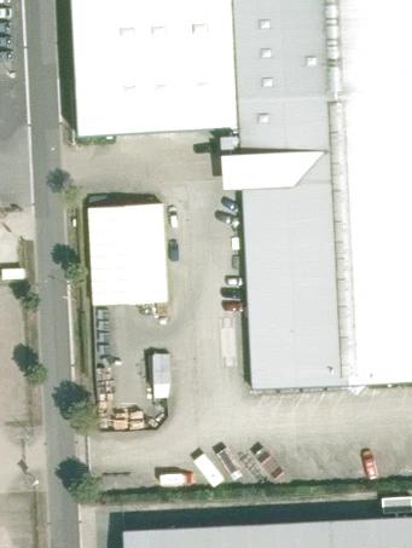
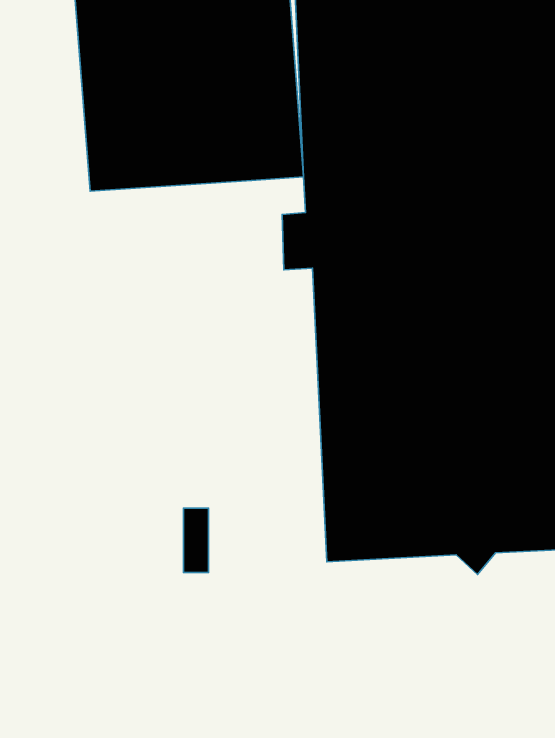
building: [87,202,168,306] -> none

